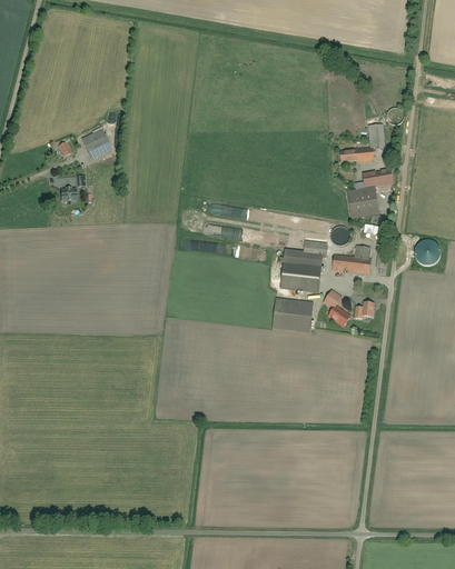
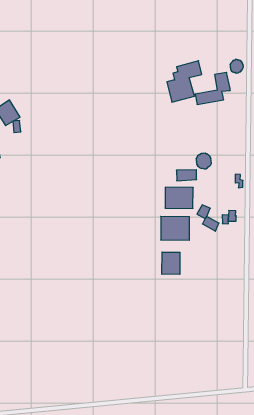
building: [346,168,392,217] -> [167,61,202,102]
building: [332,248,370,272] -> none
building: none -> [162,252,180,274]

